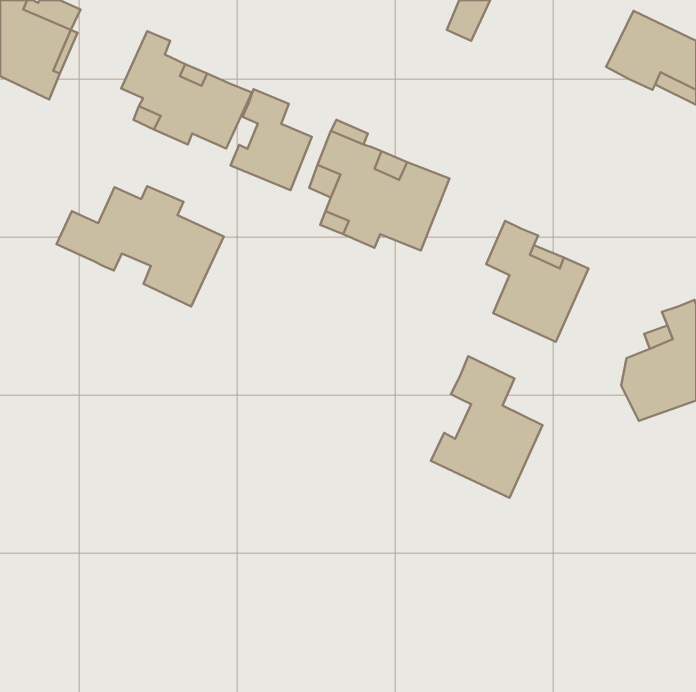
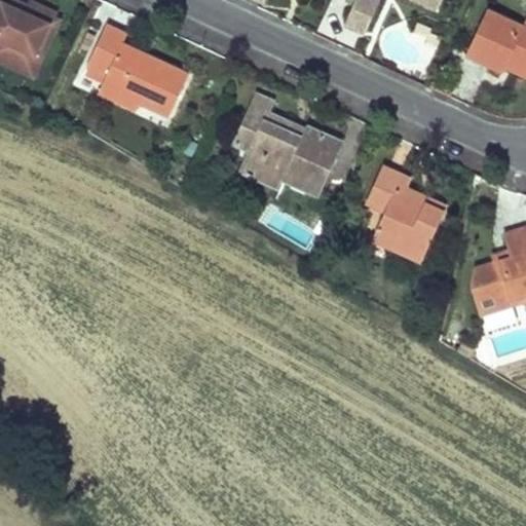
building: [231,89,312,190] -> none
building: [56,186,224,306] -> none
building: [431,356,543,498] -> none

